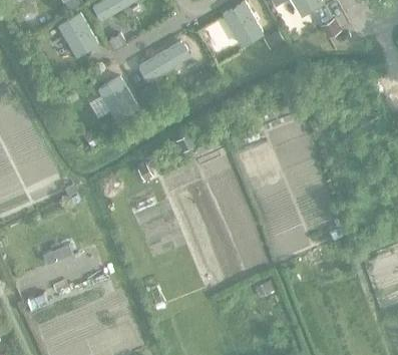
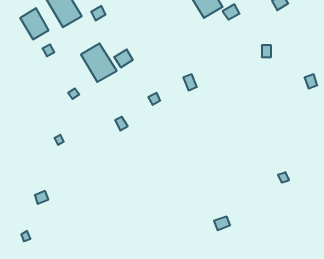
building: none -> [20,8,48,40]
building: [137,40,190,81] -> none

